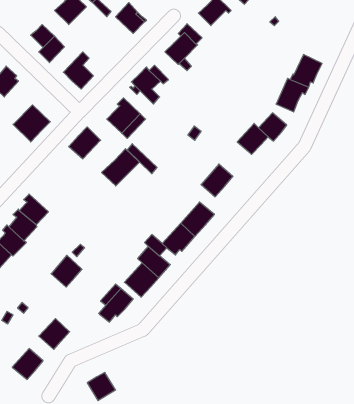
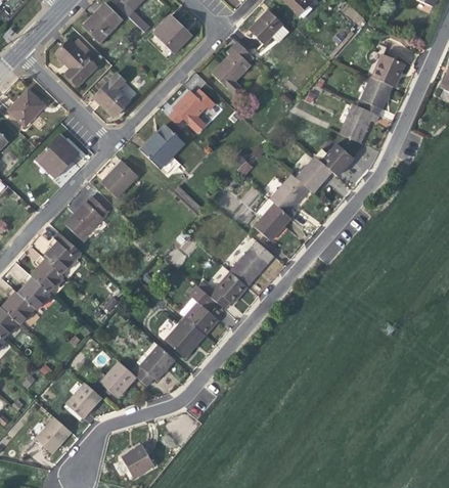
building: none -> [372,53,405,87]
building: none -> [269,173,309,217]
building: [102,149,140,186] -> [64,195,108,238]
building: [51,255,82,287] -> [100,360,136,397]

